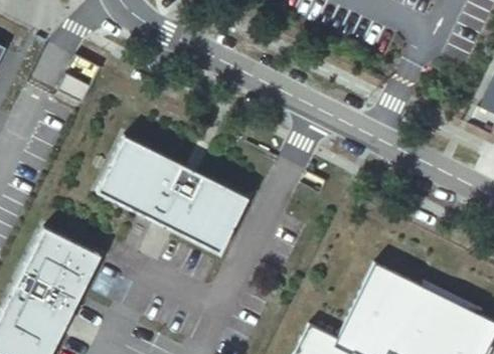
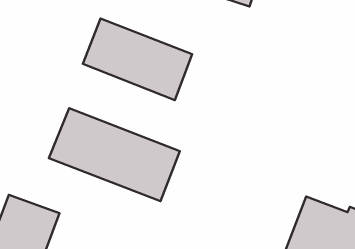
building: none -> [83,18,192,100]

